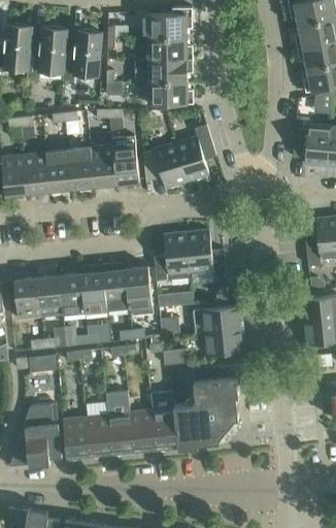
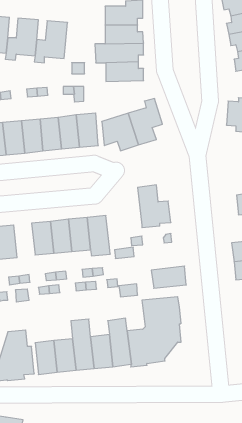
building: [155,232,192,280] -> none
building: [37,275,63,317] -> none
building: [201,305,243,332] -> none

